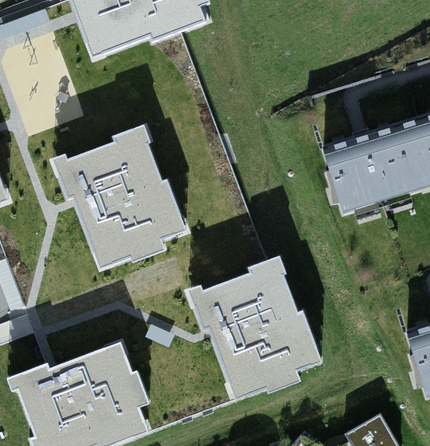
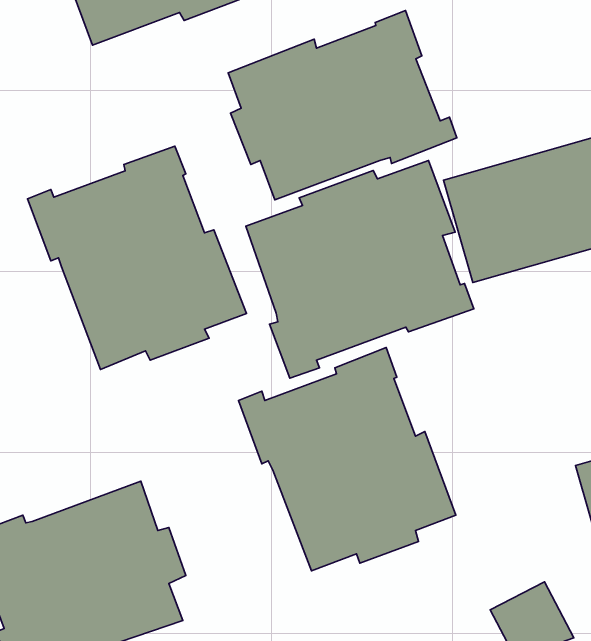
building: none -> [228,11,457,200]
building: none -> [246,161,474,378]

